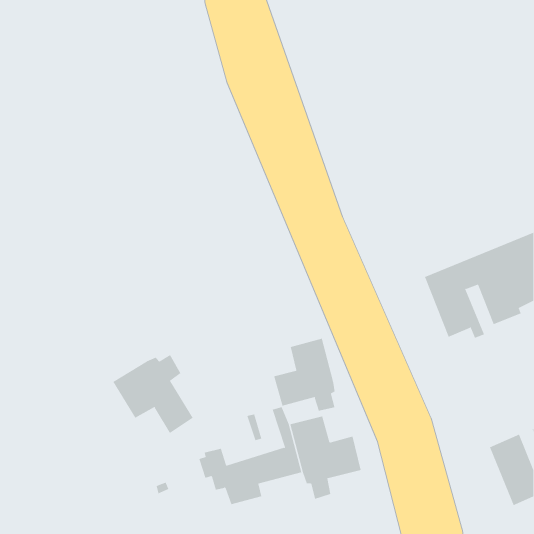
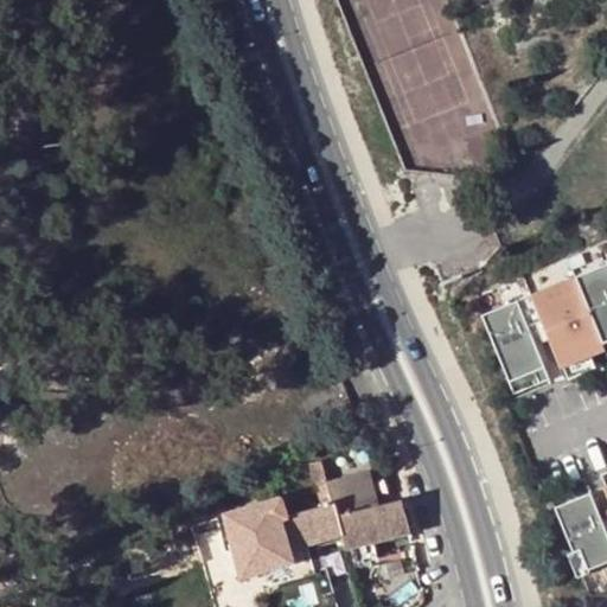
building: [274,338,335,411] -> none
building: [112,354,194,434] -> none

